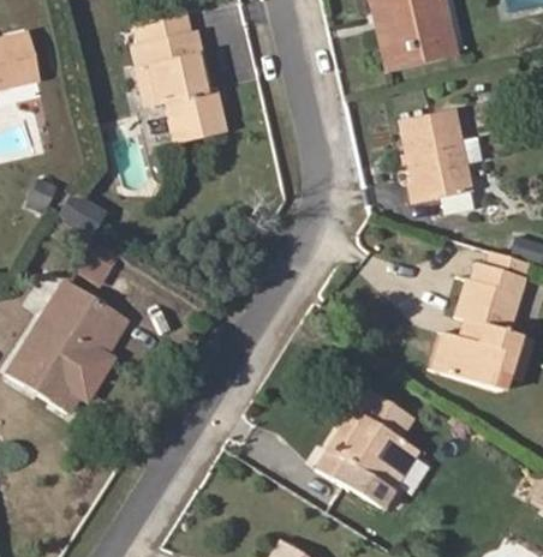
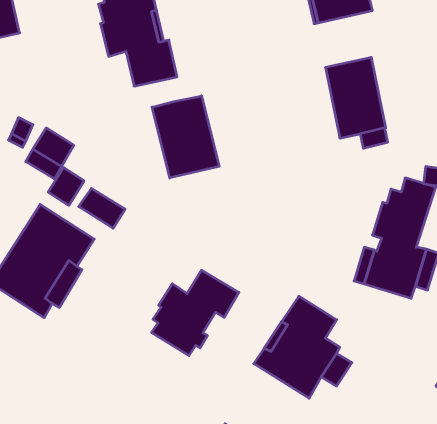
building: none -> [152,96,219,178]
building: none -> [79,188,125,228]
building: none -> [152,270,239,356]

